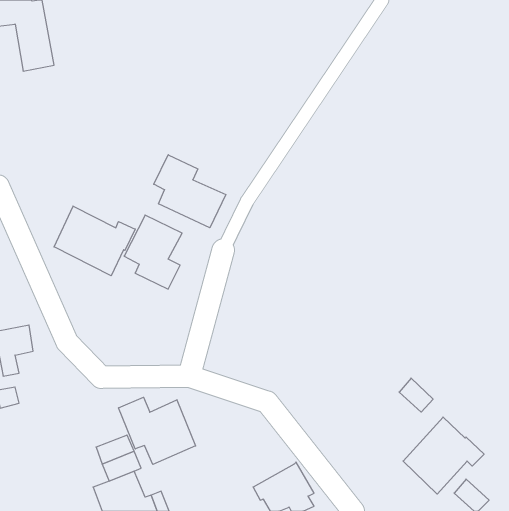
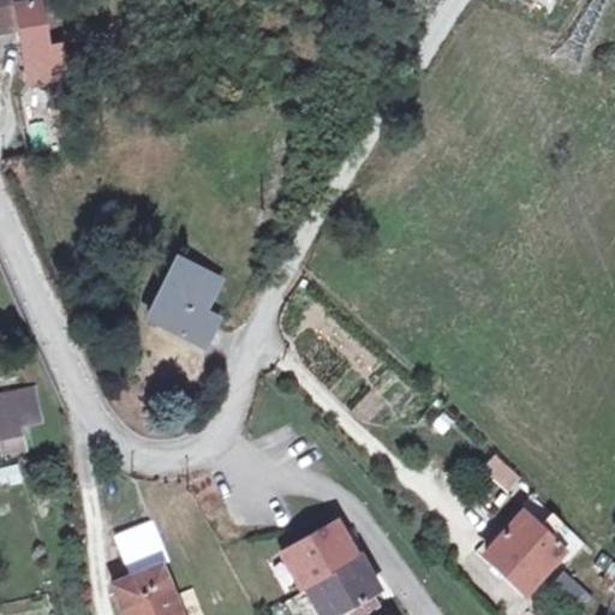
building: [154,155,226,228] -> none
building: [54,206,135,276] -> none
building: [119,397,196,464] -> none
building: none -> [285,521,353,587]

